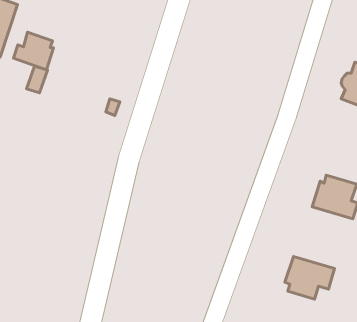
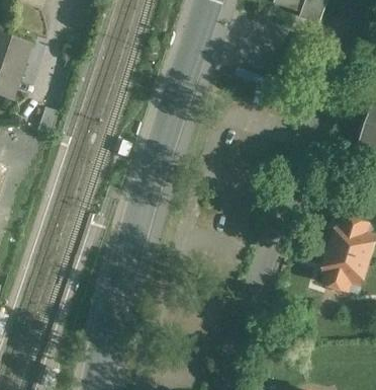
building: [13,32,54,70] -> none
building: [285,257,334,299] -> [318,249,369,293]

